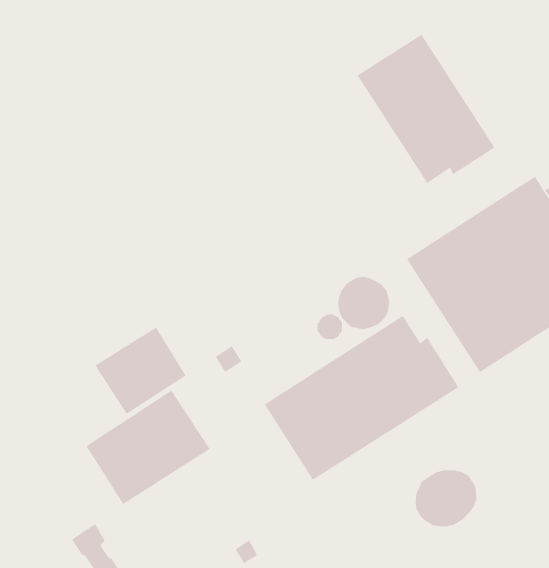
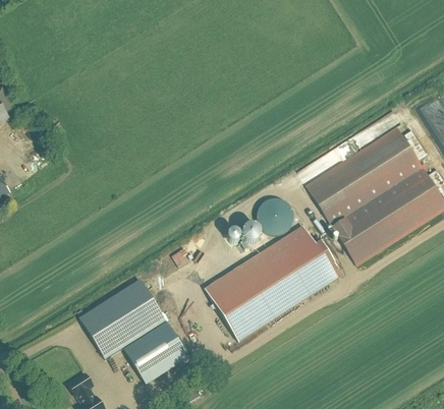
building: [357,34,495,184] -> none
building: [95,327,187,414] -> [123,322,188,384]
building: [415,469,477,527] -> none

